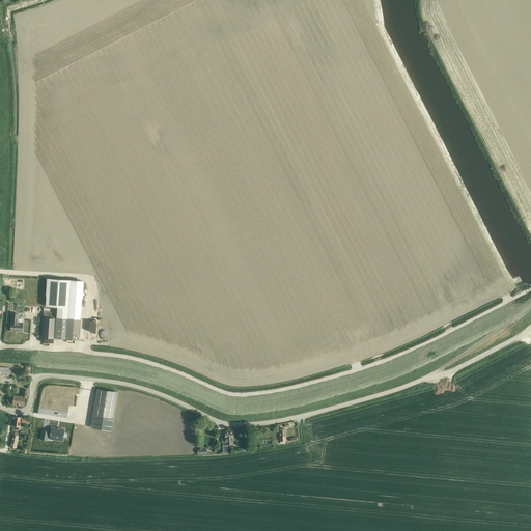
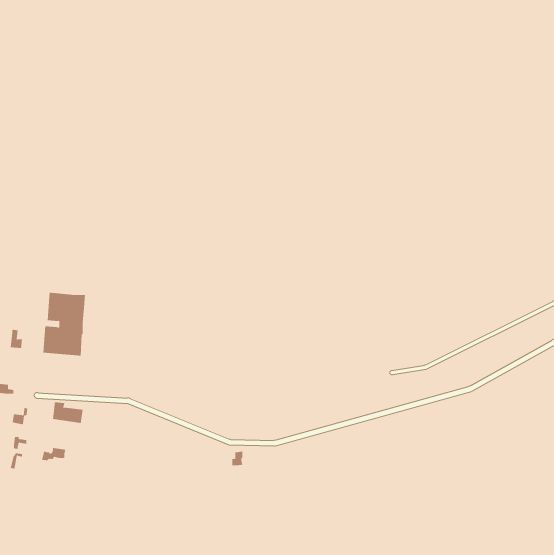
building: [90,390,116,429] -> none

